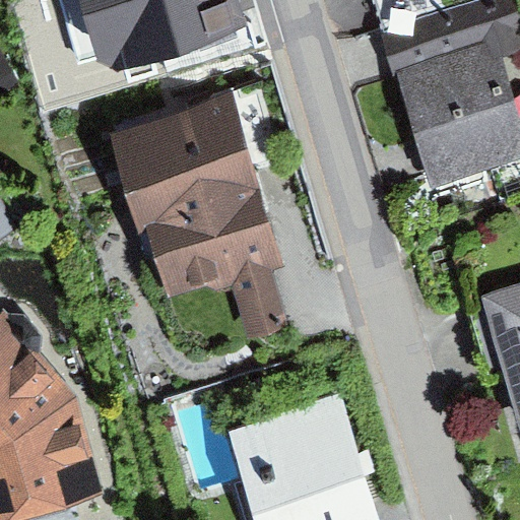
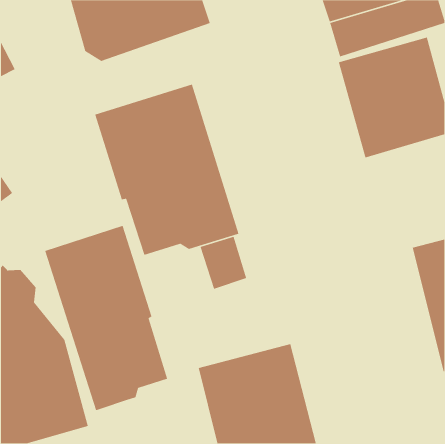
building: none -> [44,225,168,411]

